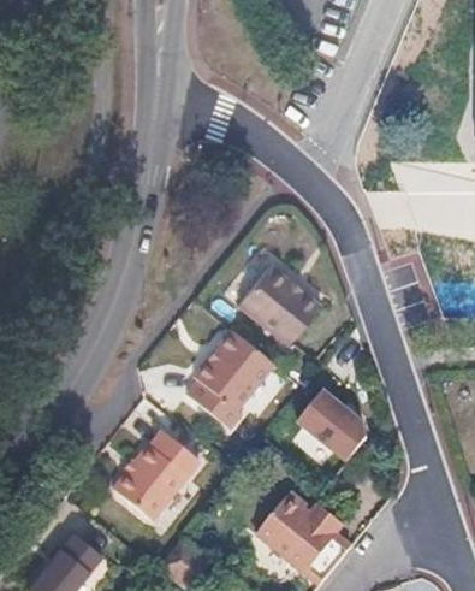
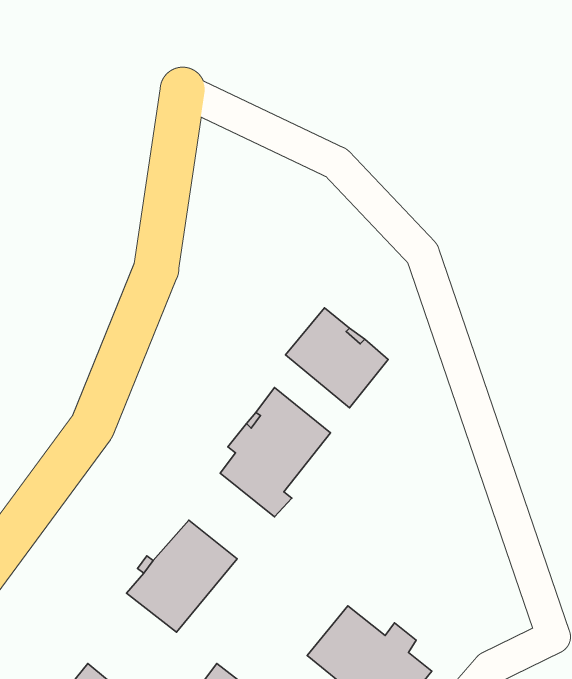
building: [296,388,375,463] -> none

